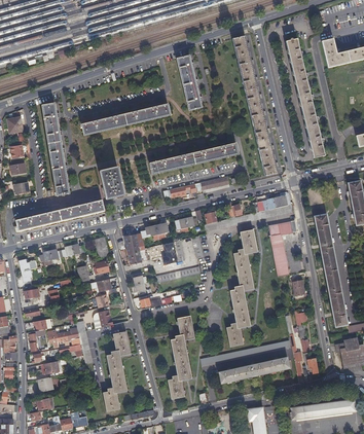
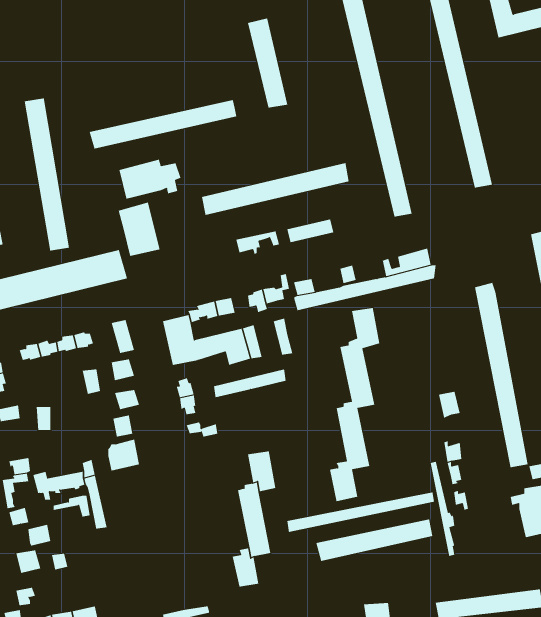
building: none -> [119,159,181,199]
building: [267,220,297,277] -> none
building: [103,330,131,410] -> none

